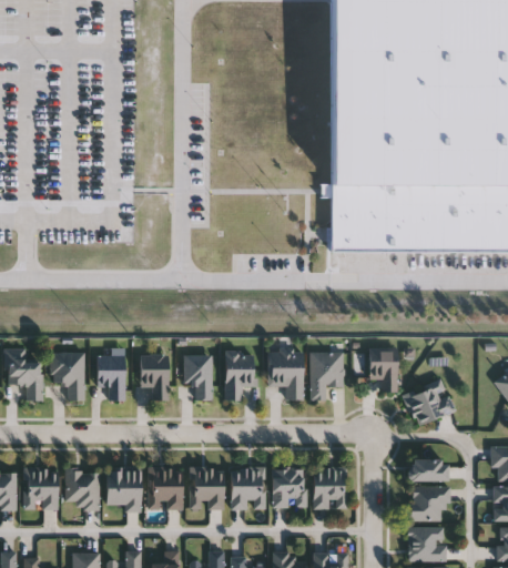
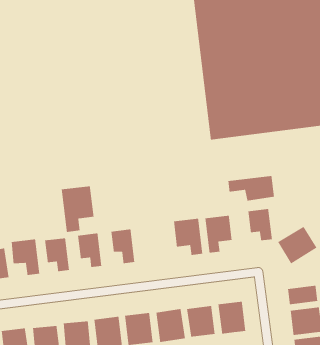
building: none -> [61,185,94,233]
building: none -> [227,175,275,201]
building: [225,351,255,399] -> none

